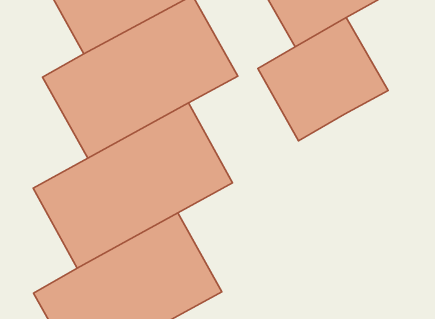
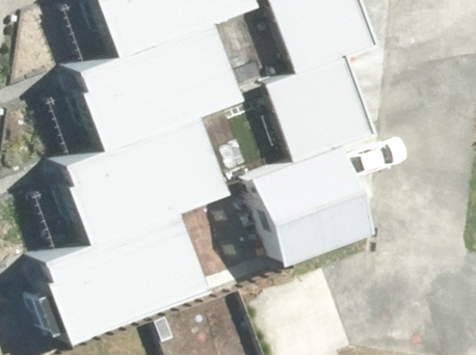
building: none -> [245,145,370,265]

